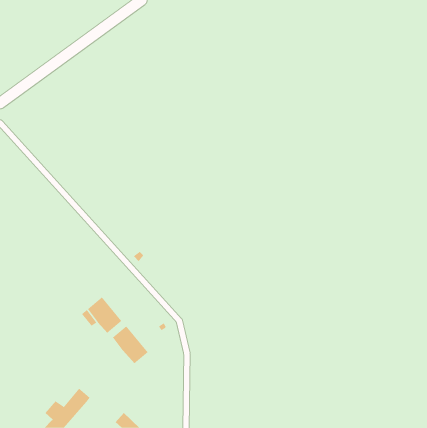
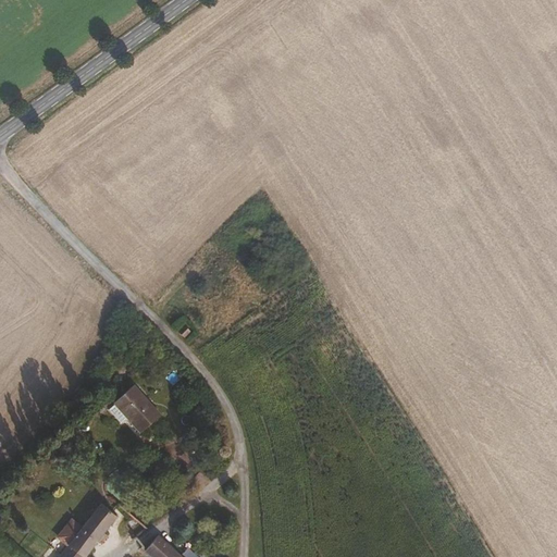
building: [112,326,149,364] -> none

